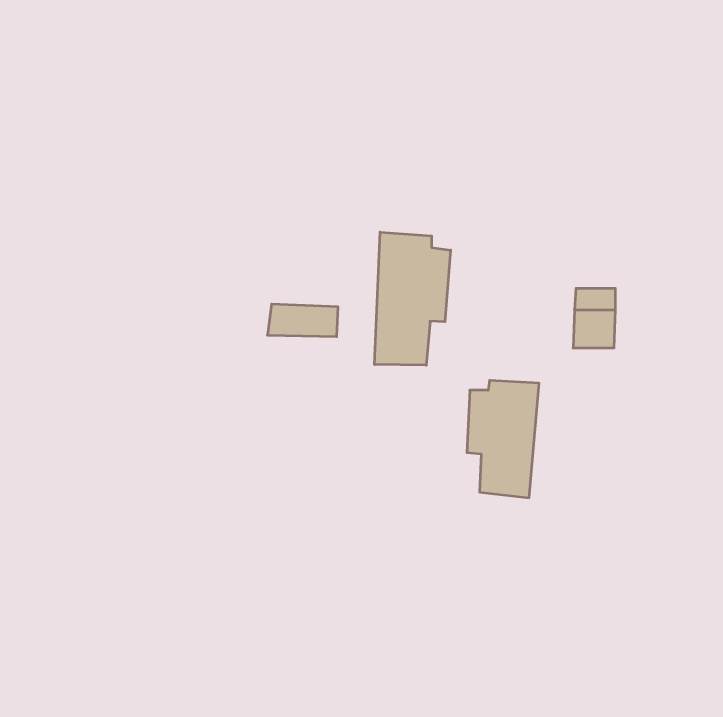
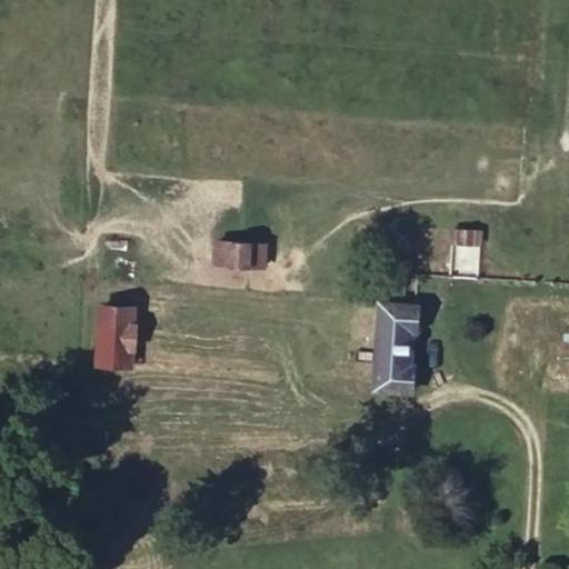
building: [375,232,451,365] -> none
building: none -> [96,305,136,365]

